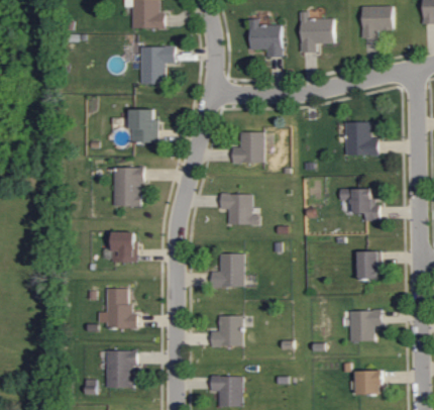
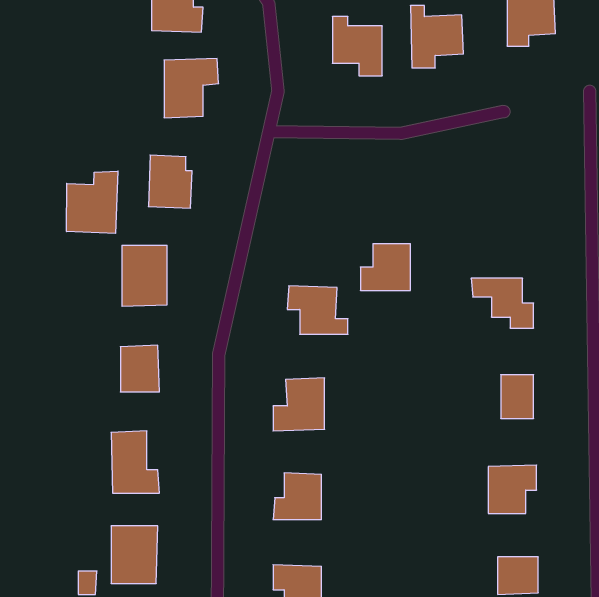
building: none -> [67,171,118,233]
building: [345,122,378,156] -> none
building: [232,132,264,163] -> [360,244,410,290]

